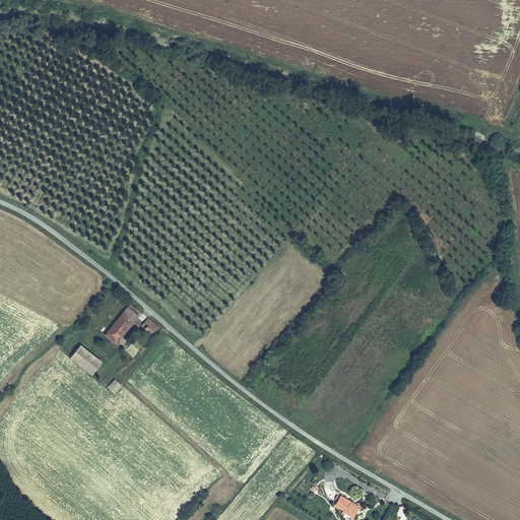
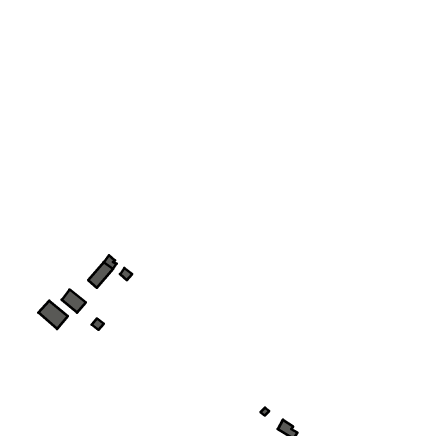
building: none -> [38,301,68,329]

